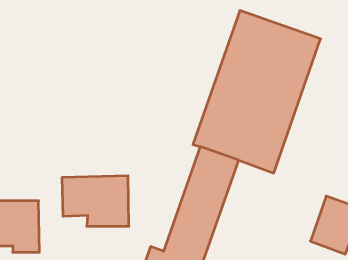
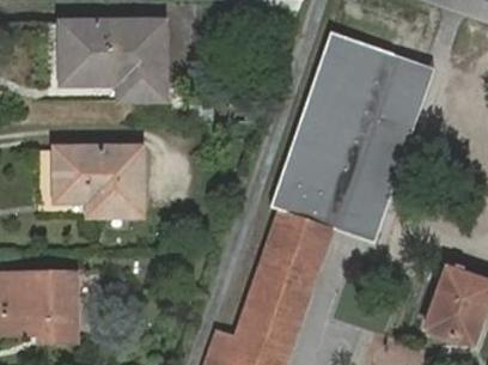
building: none -> [60,24,165,101]
building: [62,176,129,226] -> [53,151,140,217]

